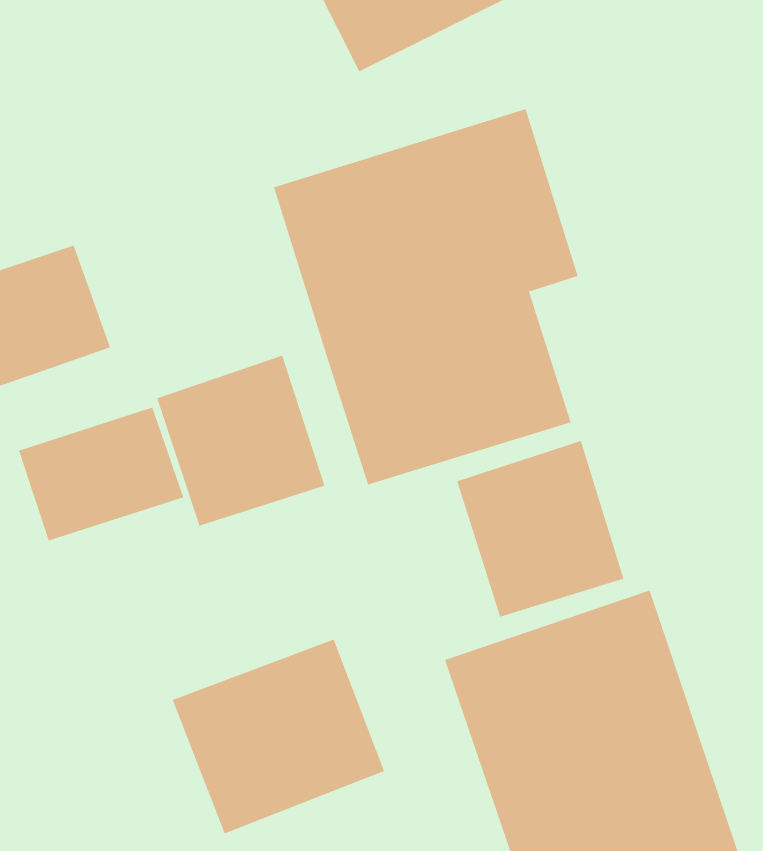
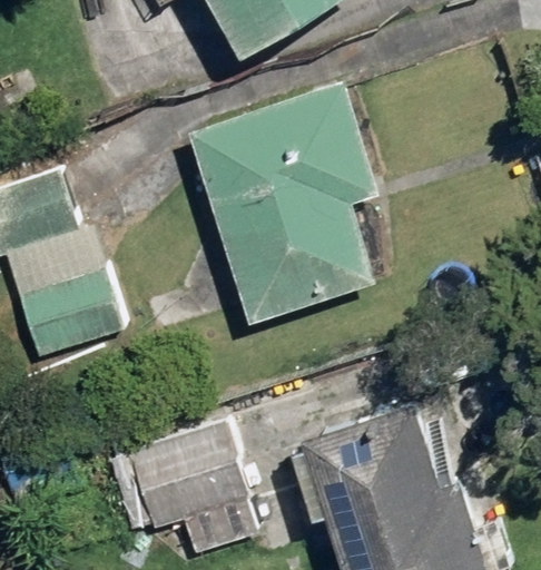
building: [157,355,325,527] -> none
building: [457,440,624,617] -> none

